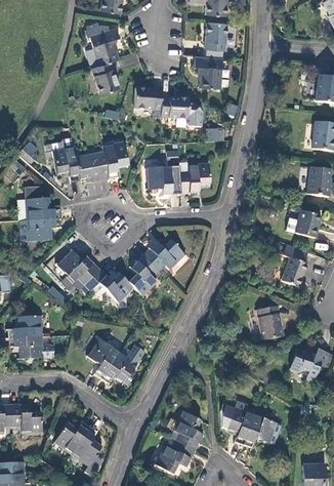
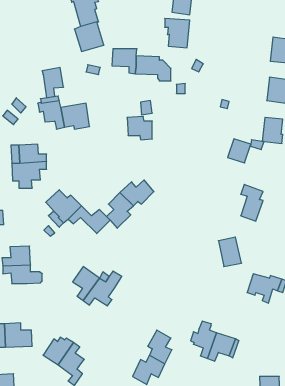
building: [102,143,127,177] -> [42,67,64,98]
building: [179,163,209,192] -> none
building: [293,210,320,238] -> [228,139,251,163]

